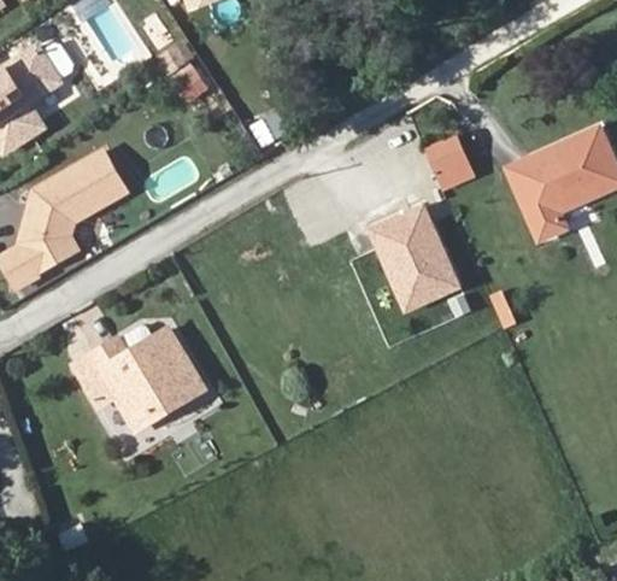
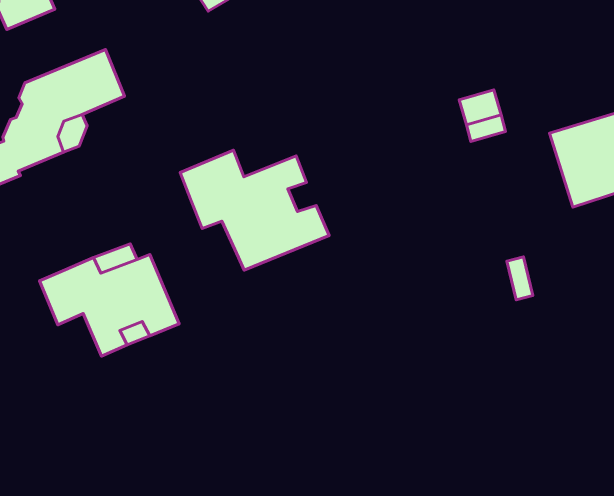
building: [364,201,462,313] -> none
building: none -> [180,150,329,270]

